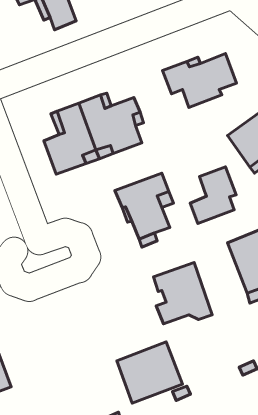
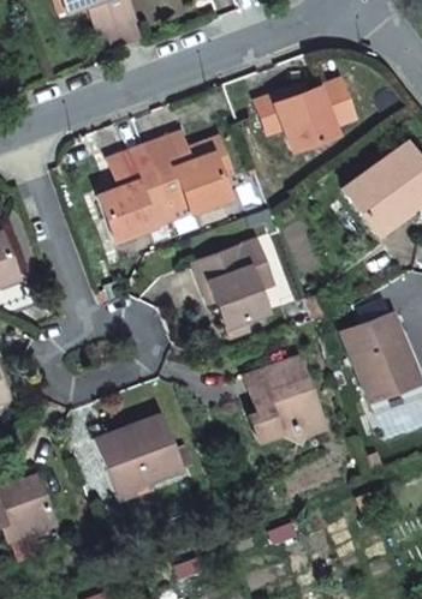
building: [190,167,236,224] -> none
building: [117,342,182,403] -> [95,412,183,493]

